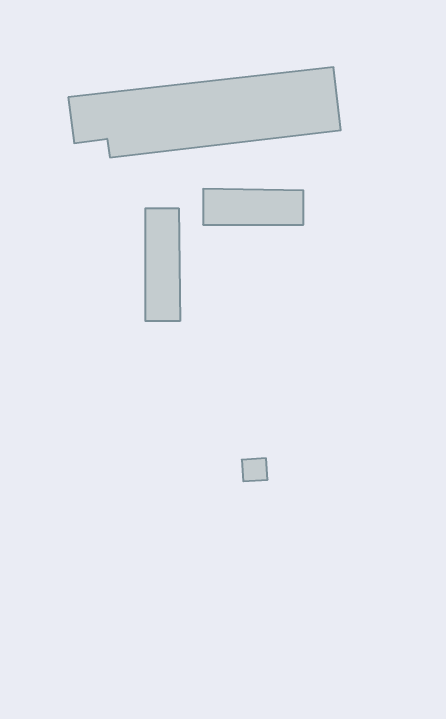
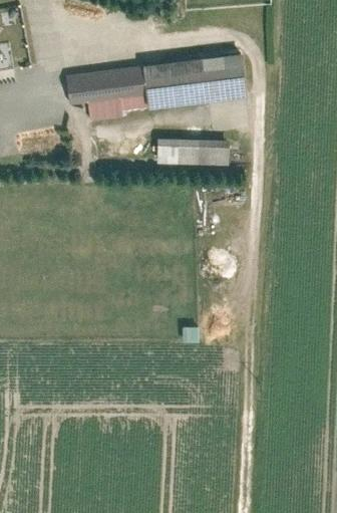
building: [145,208,180,321] -> none

